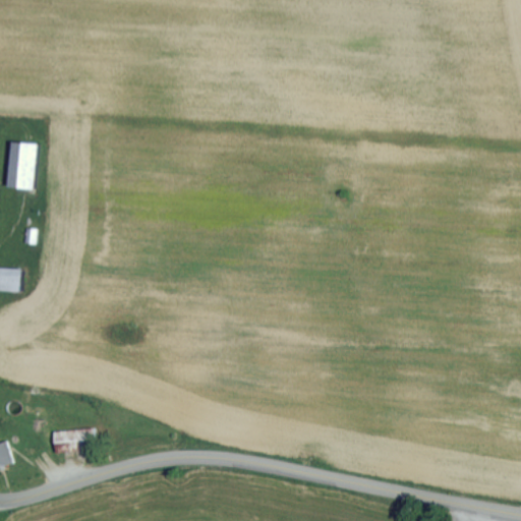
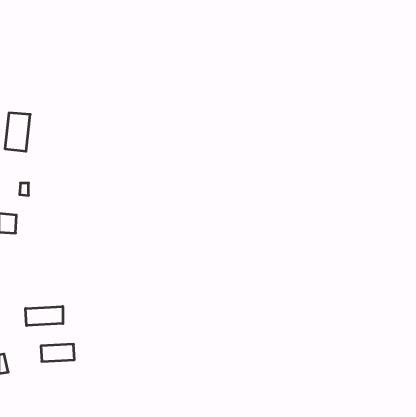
building: none -> [26,306,63,326]

